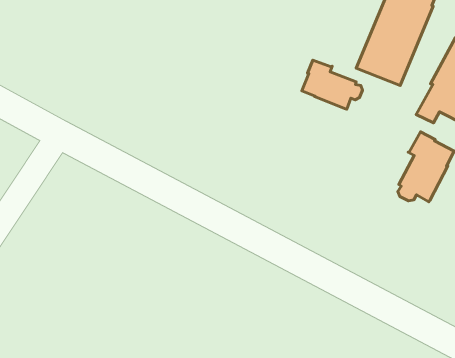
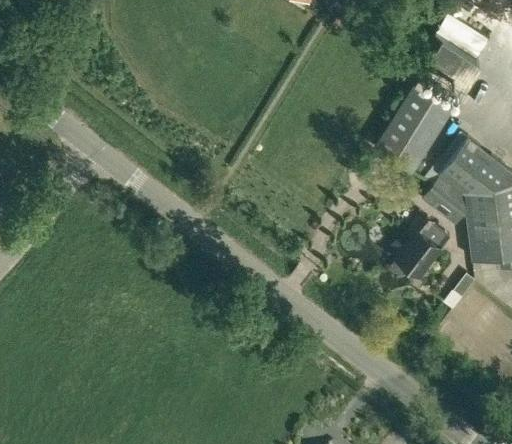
building: [302,60,363,109] -> none

